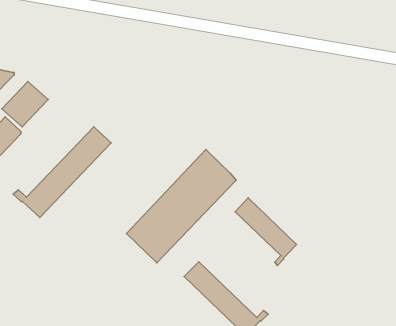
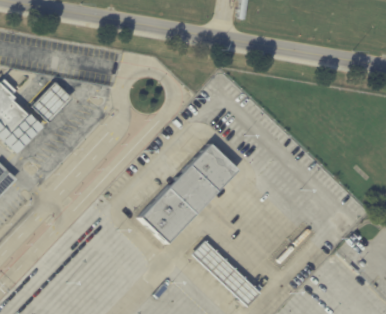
building: [13,127,111,217] -> none
building: [235,198,296,266] -> none

